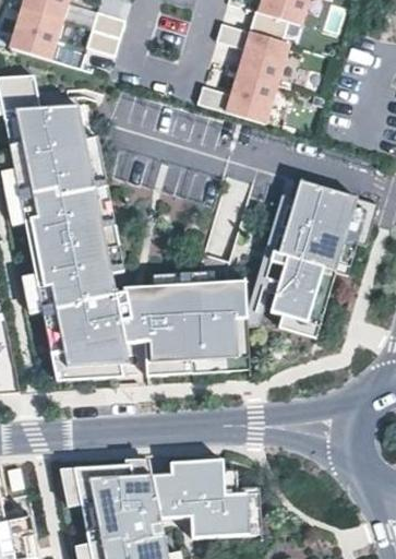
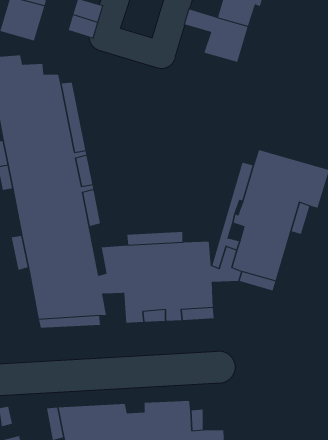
building: [196,72,276,123] -> none

